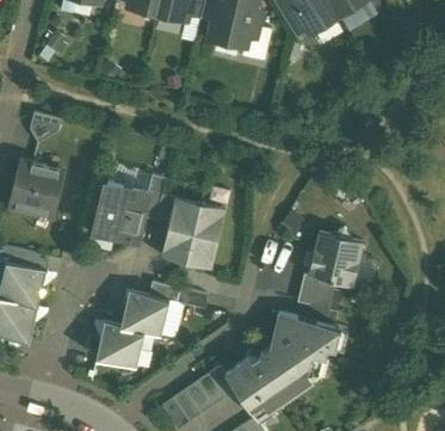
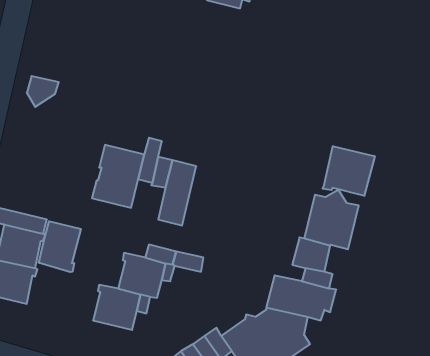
building: [10,161,62,217] -> none
building: none -> [323,146,375,196]
building: [185,203,224,269] -> none
building: none -> [39,221,81,272]

